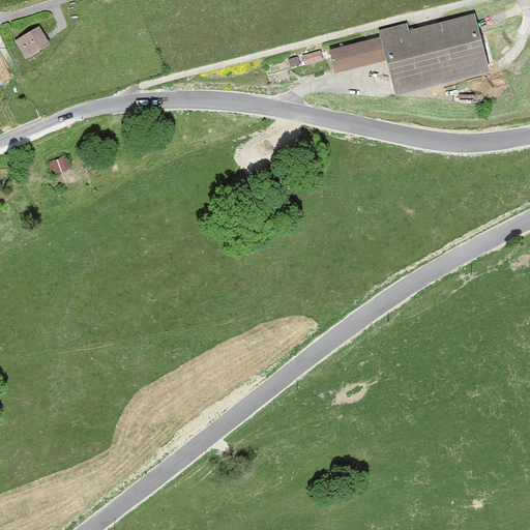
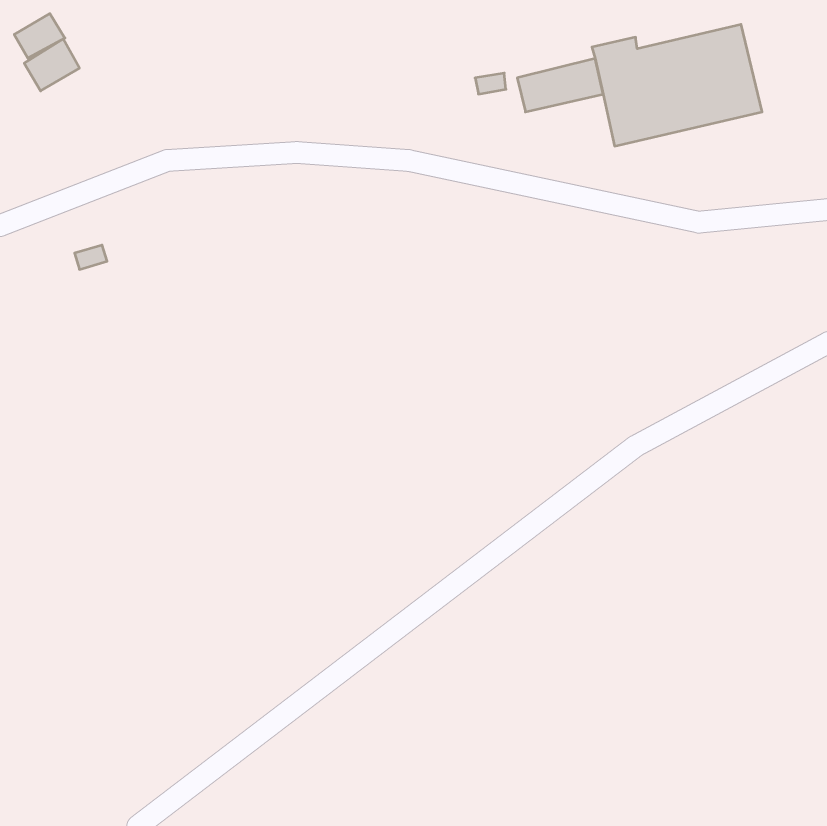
building: none -> [14,14,65,58]

